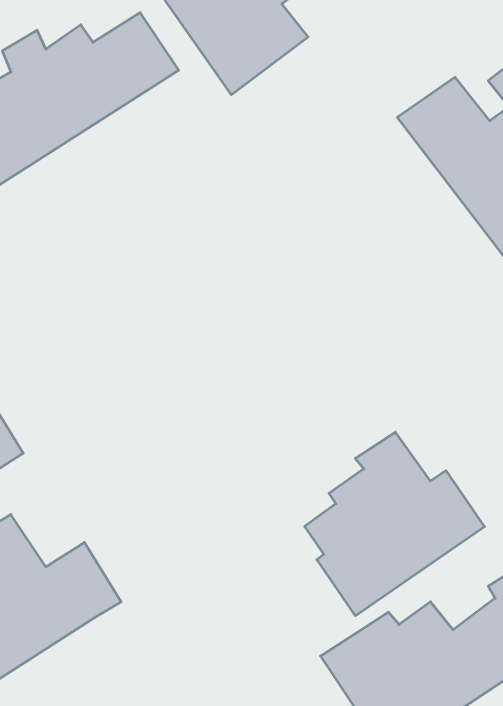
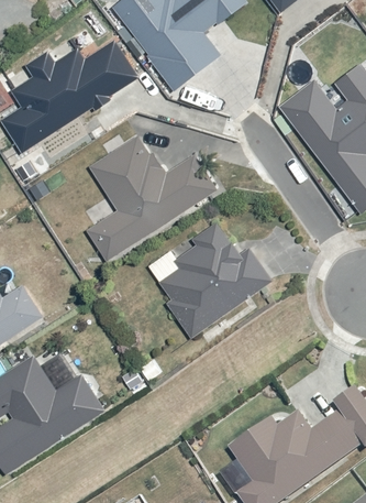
building: none -> [87,136,217,259]
building: [305,432,485,616] -> [157,222,270,338]

